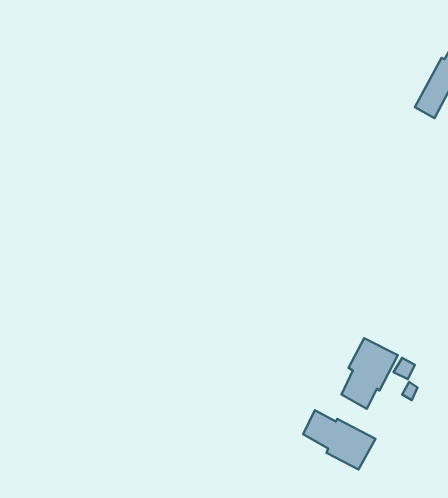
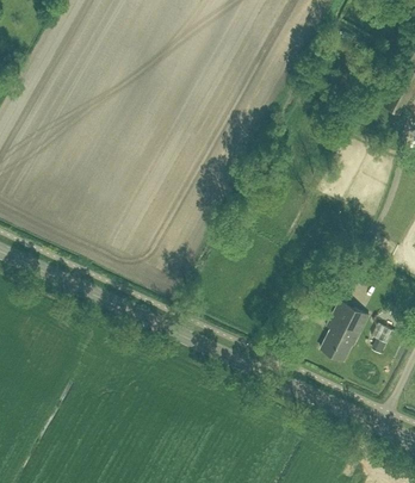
building: [303,410,375,469] -> none

